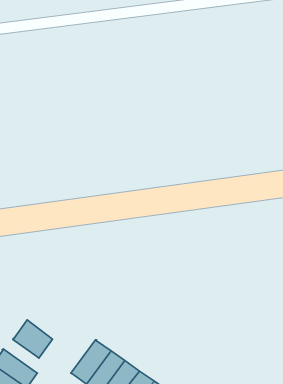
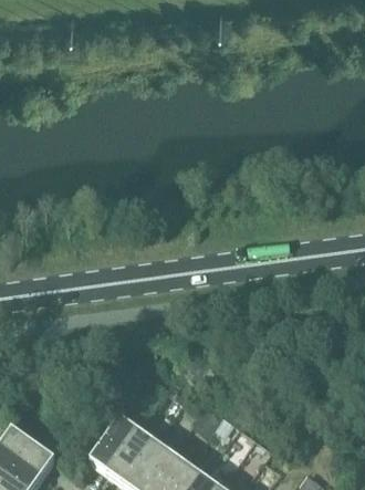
building: [13,320,52,358] -> none

